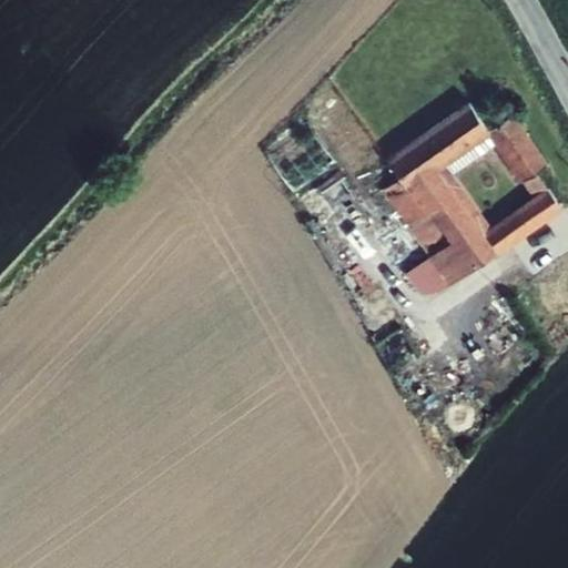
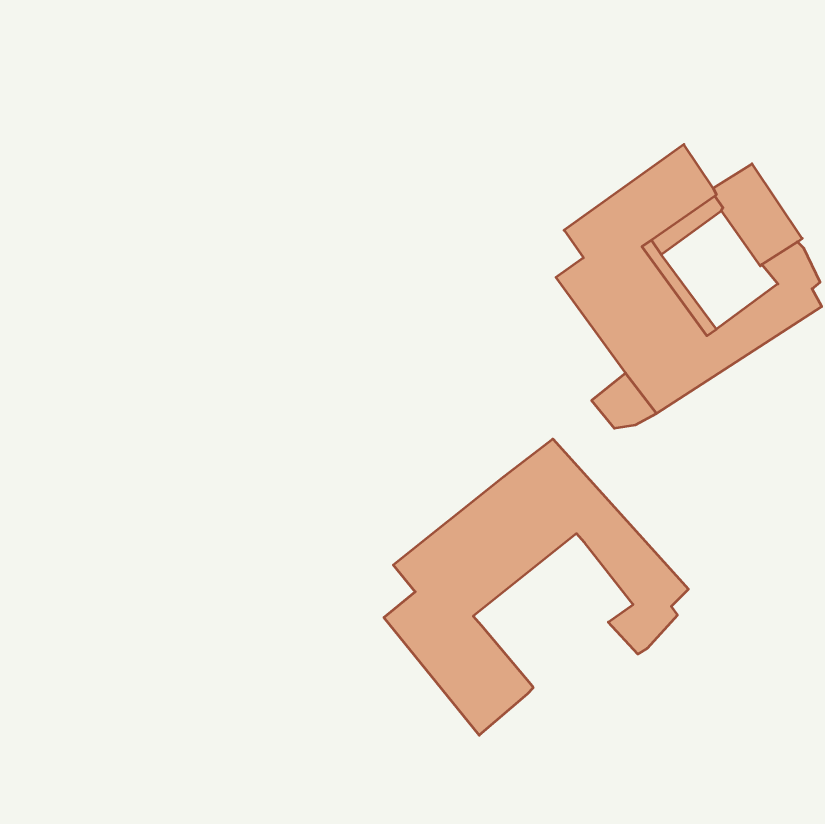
building: none -> [384,439,688,735]

